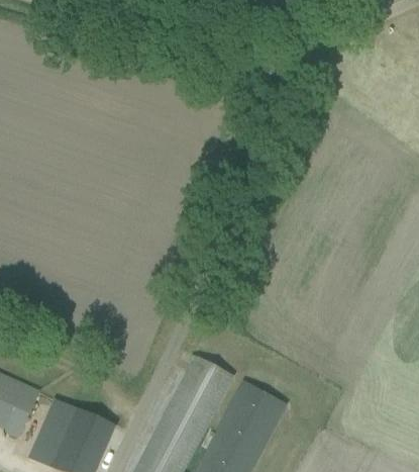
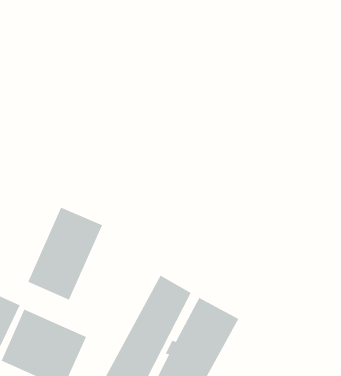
building: none -> [27,207,103,300]

